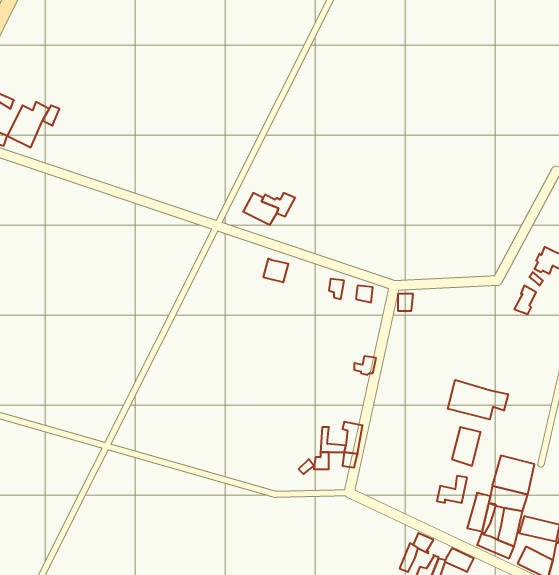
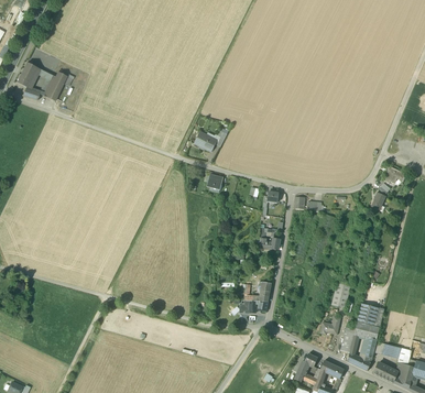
building: [448,380,508,419] -> none

